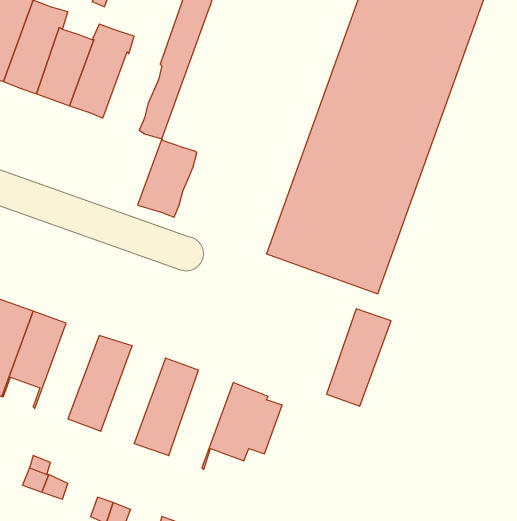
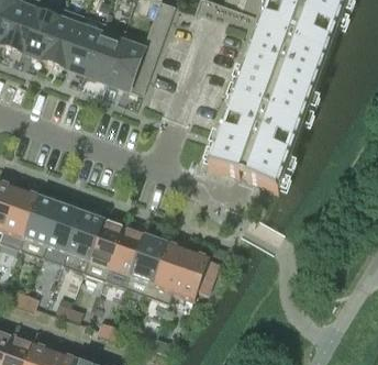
building: [138,139,197,217] -> [103,40,141,89]
building: [327,309,391,406] -> [145,241,186,302]
building: none -> [60,211,101,272]
building: none -> [102,225,143,287]

